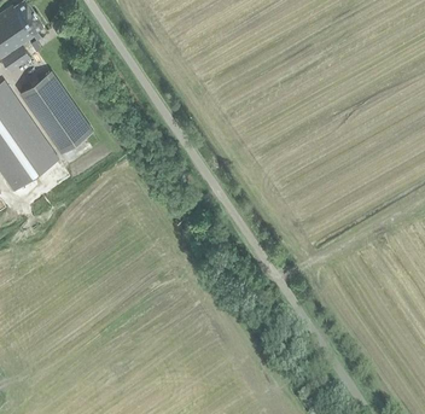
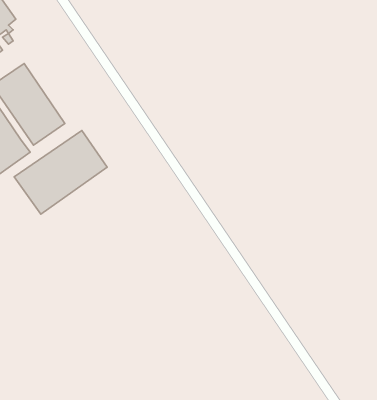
building: none -> [14,130,107,214]

